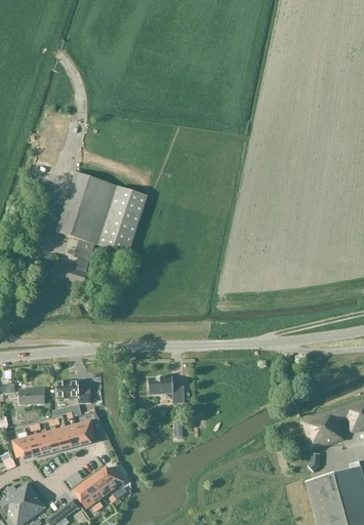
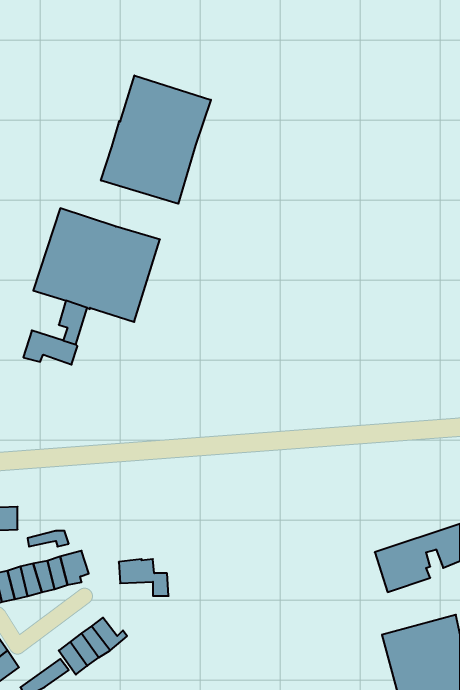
building: none -> [101,75,211,204]
building: [148,376,184,403] -> [119,559,169,596]
building: [55,379,90,403] -> none

